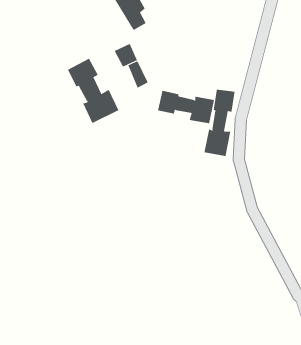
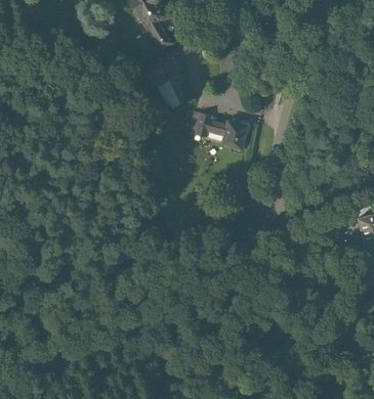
building: [67,58,119,124] -> none
building: [204,89,235,157] -> none

